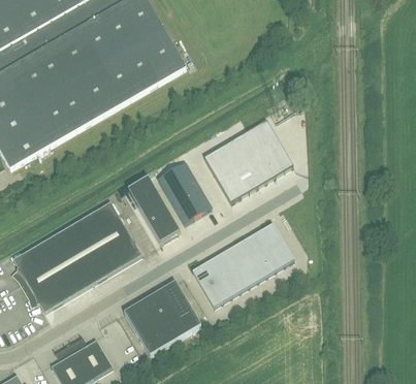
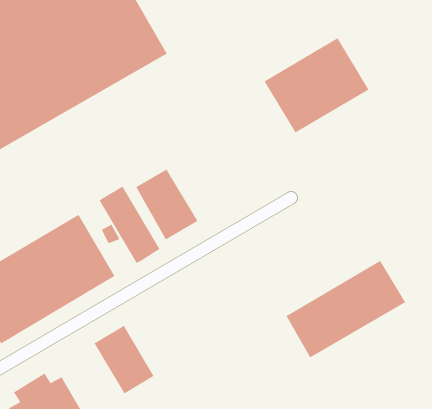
building: [203,121,293,202] -> [263,37,370,134]
building: [192,223,294,307] -> [285,260,406,359]
building: [149,281,200,339] -> none

